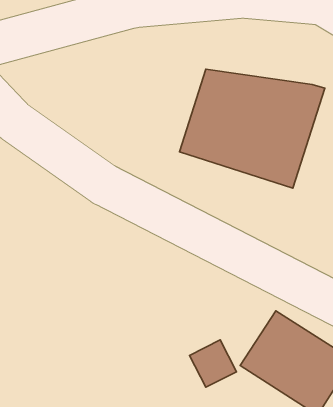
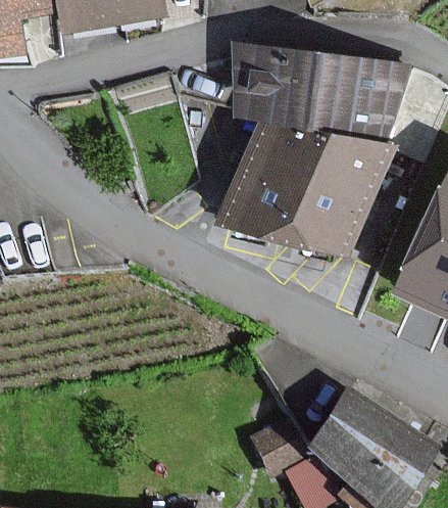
building: none -> [231,49,400,136]

